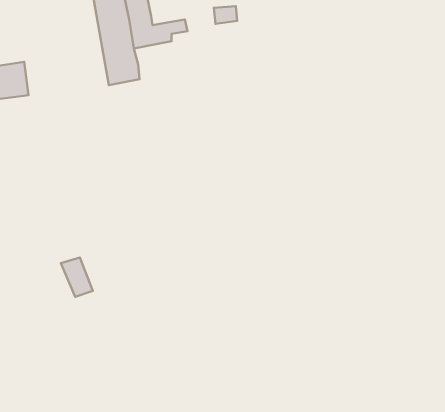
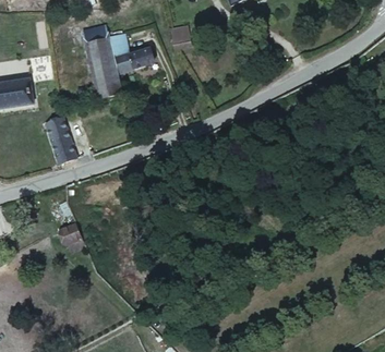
building: none -> [43,116,74,165]

